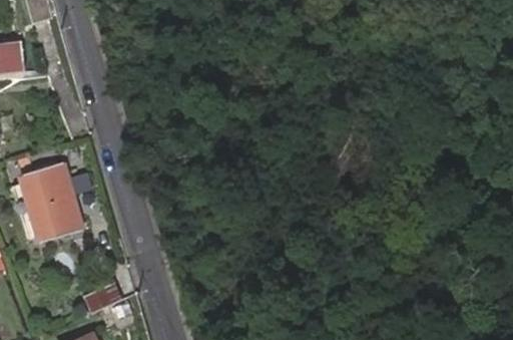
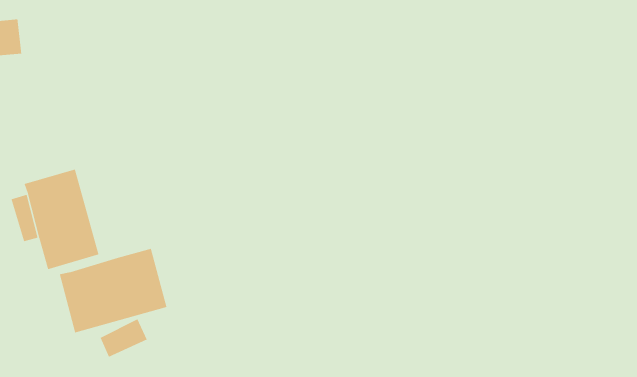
building: none -> [59,248,167,333]

